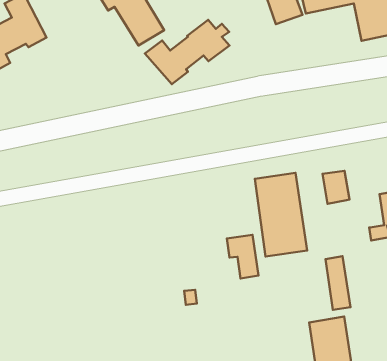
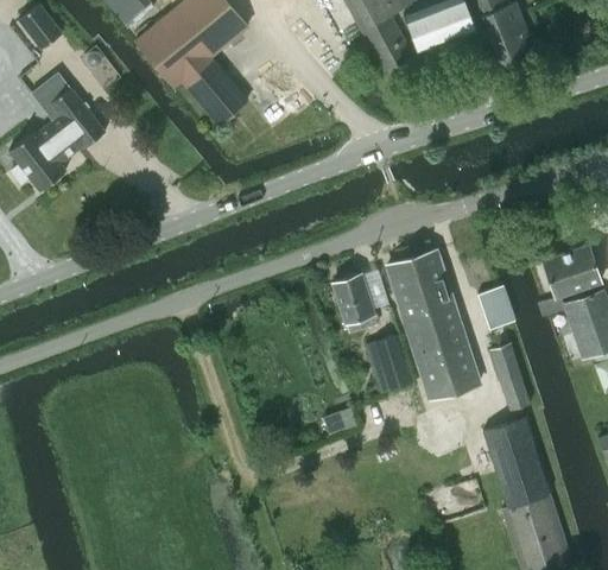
building: [145,20,229,84] -> none
building: [323,171,349,204] -> [476,285,514,329]
building: none -> [334,273,378,332]
building: none -> [417,342,480,398]

